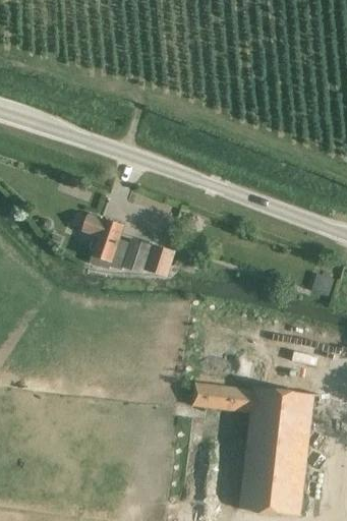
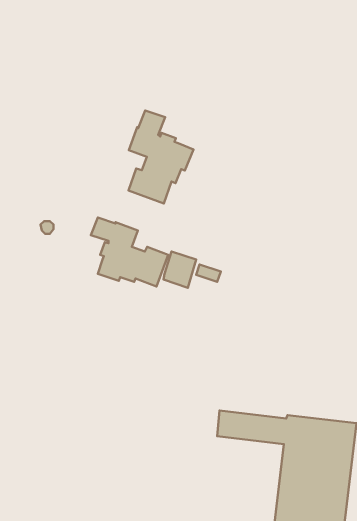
building: none -> [129,110,194,203]

